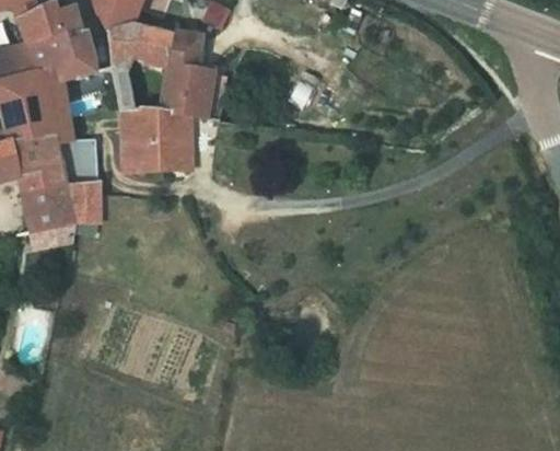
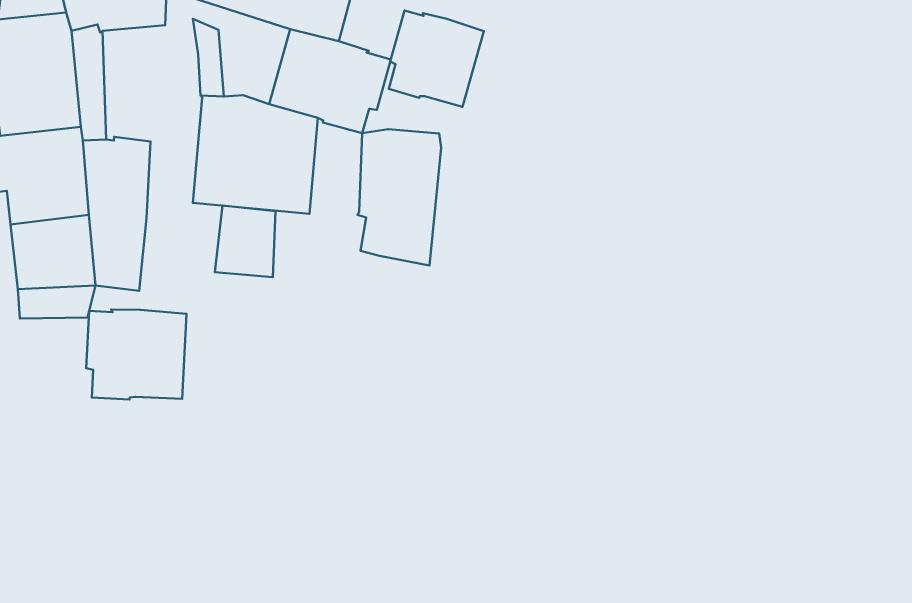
building: none -> [389,11,484,107]
building: none -> [358,129,441,265]
building: none -> [215,206,275,277]
building: none -> [86,310,186,400]

